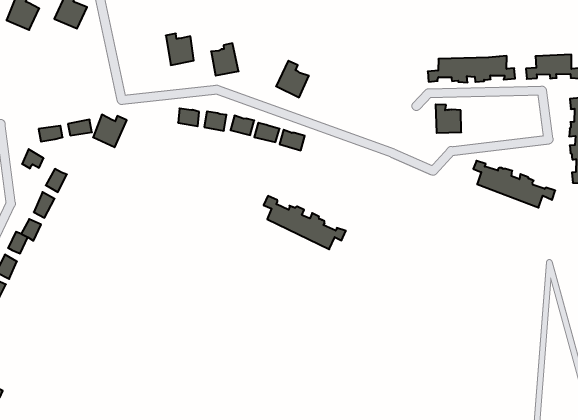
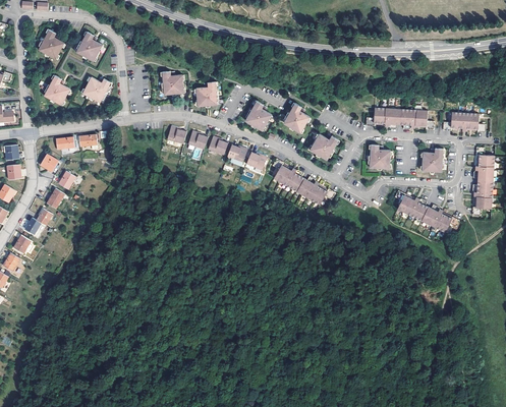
building: none -> [43,75,69,105]
building: none -> [284,103,310,131]
building: none -> [311,133,339,159]
building: none -> [421,148,442,171]
building: [93,115,127,147] -> [82,76,110,103]
building: [264,196,346,249] -> [272,159,335,205]

